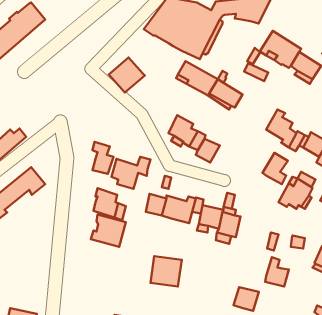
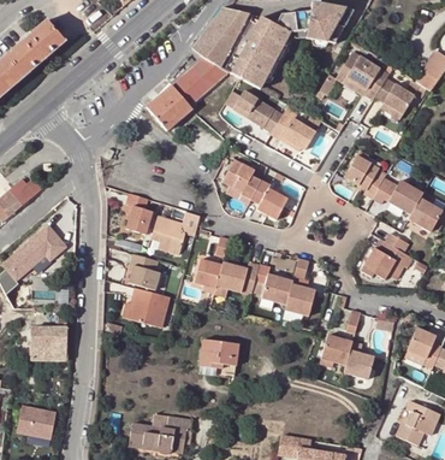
building: none -> [172,59,229,107]
building: [263,153,288,184] -> none
building: none -> [30,319,67,360]
building: [233,287,259,311] -> [321,335,354,365]

